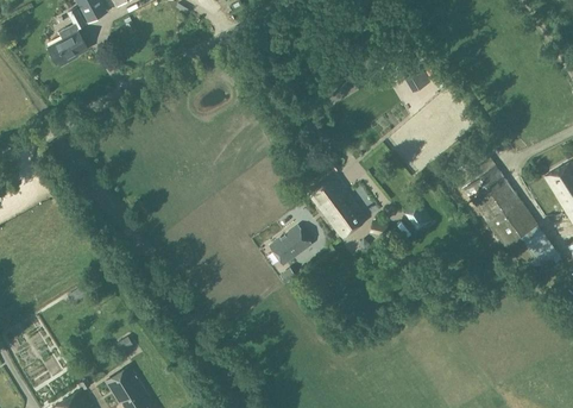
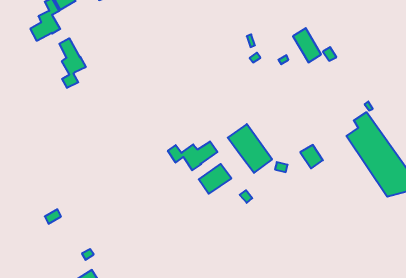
building: none -> [59,38,86,88]
building: none -> [168,141,217,170]

